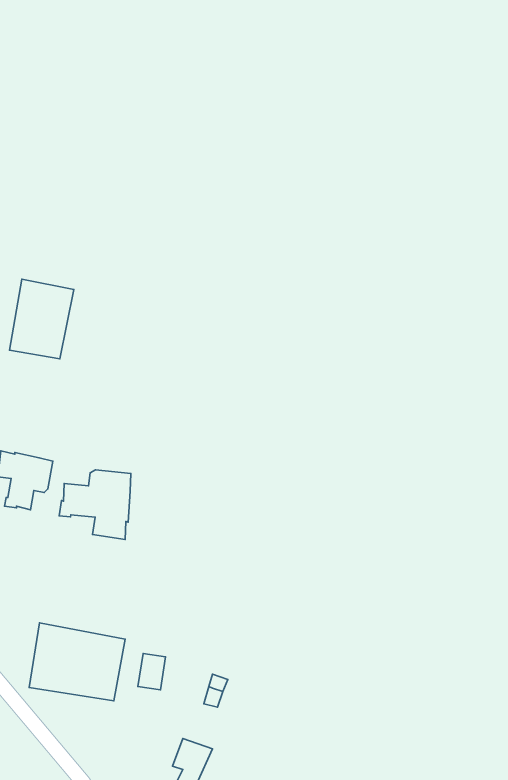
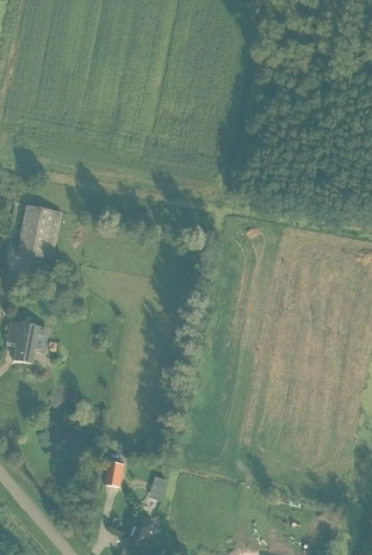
building: [59,470,131,539] -> none
building: [29,623,125,701] -> none

